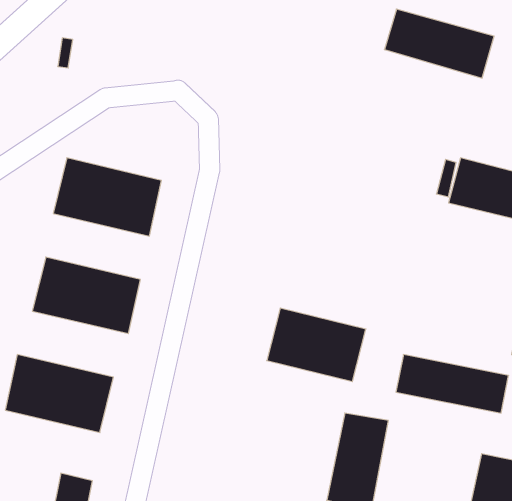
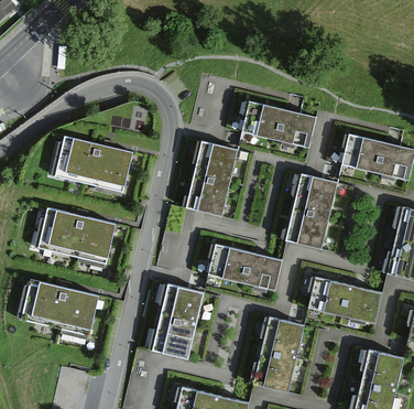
building: [384,9,494,78] -> [241,97,322,148]
building: none -> [188,141,238,213]
building: none -> [283,173,338,249]
building: none -> [148,288,205,363]

